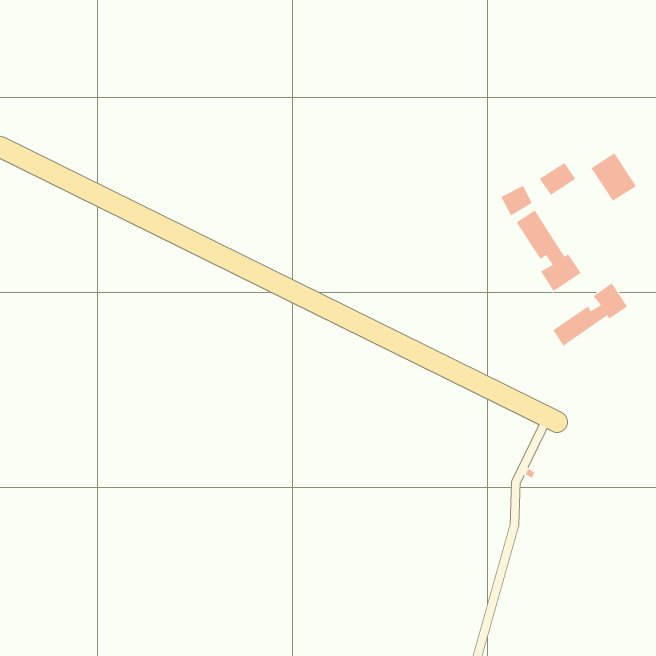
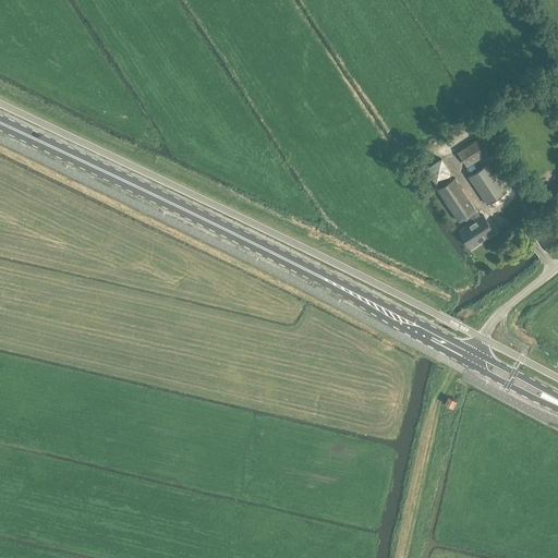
building: [591,153,637,201] -> [466,163,506,205]
building: [552,282,628,346] -> none

